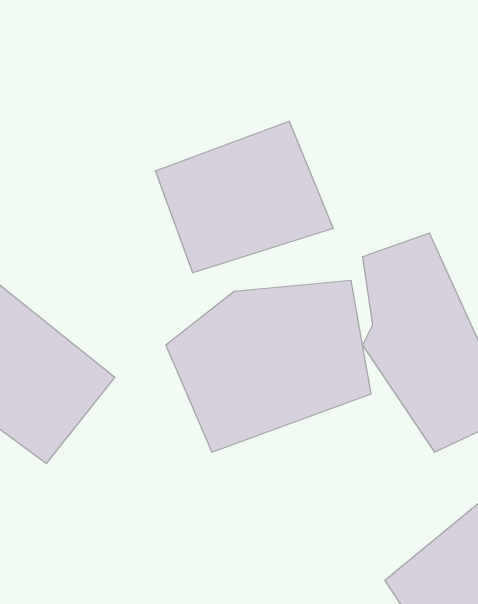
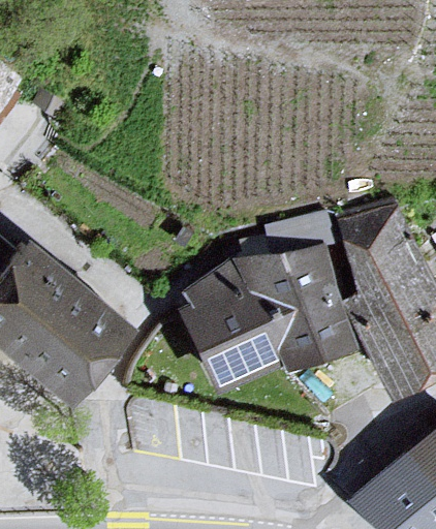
building: [155,121,333,273] -> none

